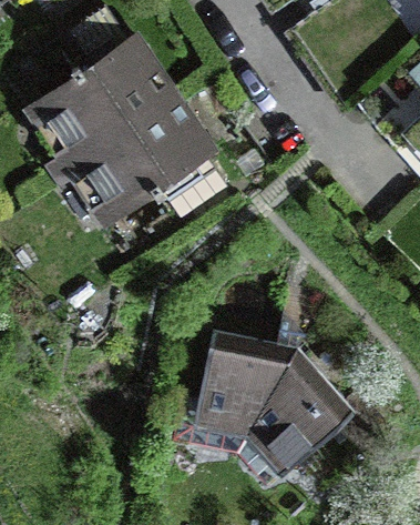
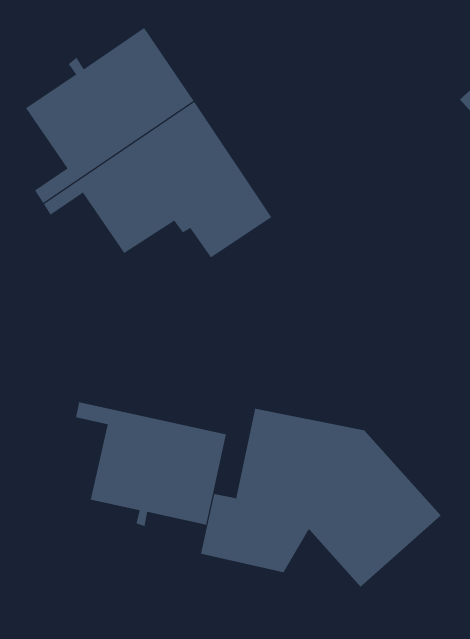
building: none -> [75,401,227,527]

